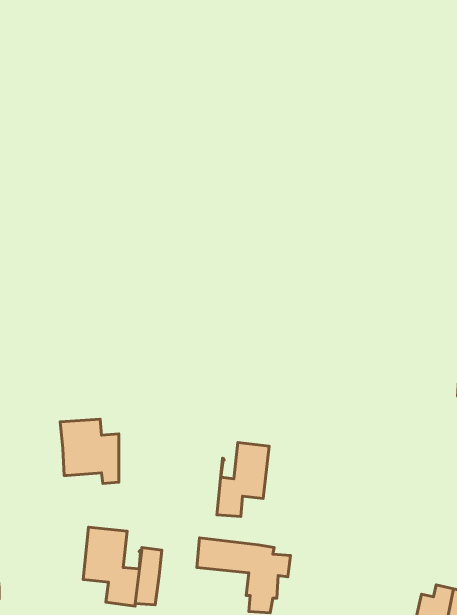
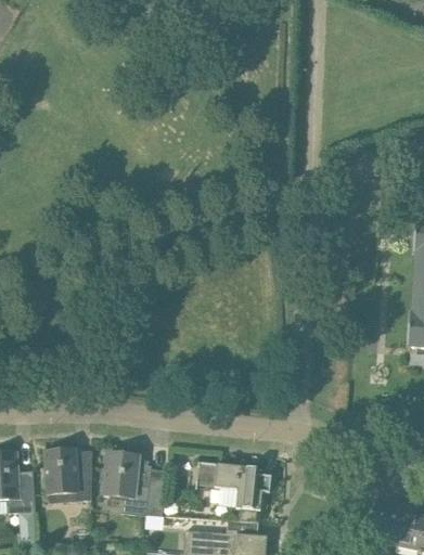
building: [60,419,119,483] -> [43,449,91,501]
building: [217,443,269,517] -> none

